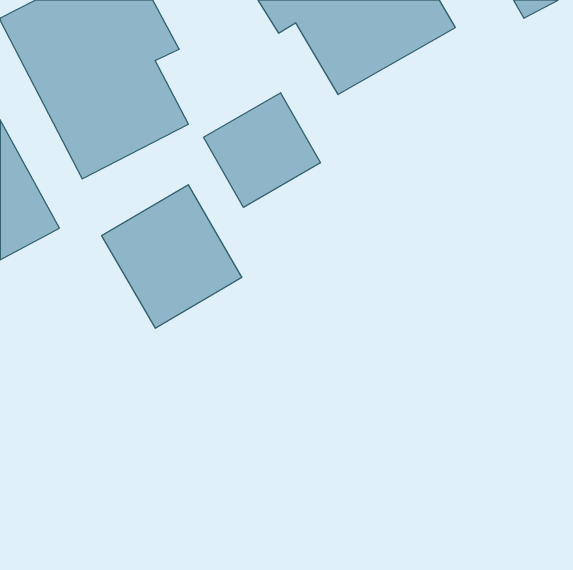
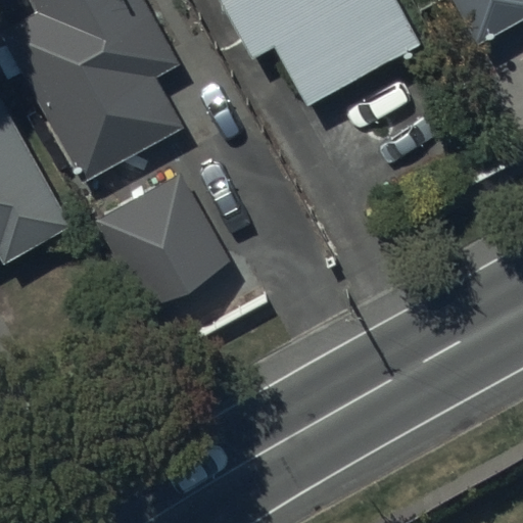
building: [204,93,320,207] -> none

